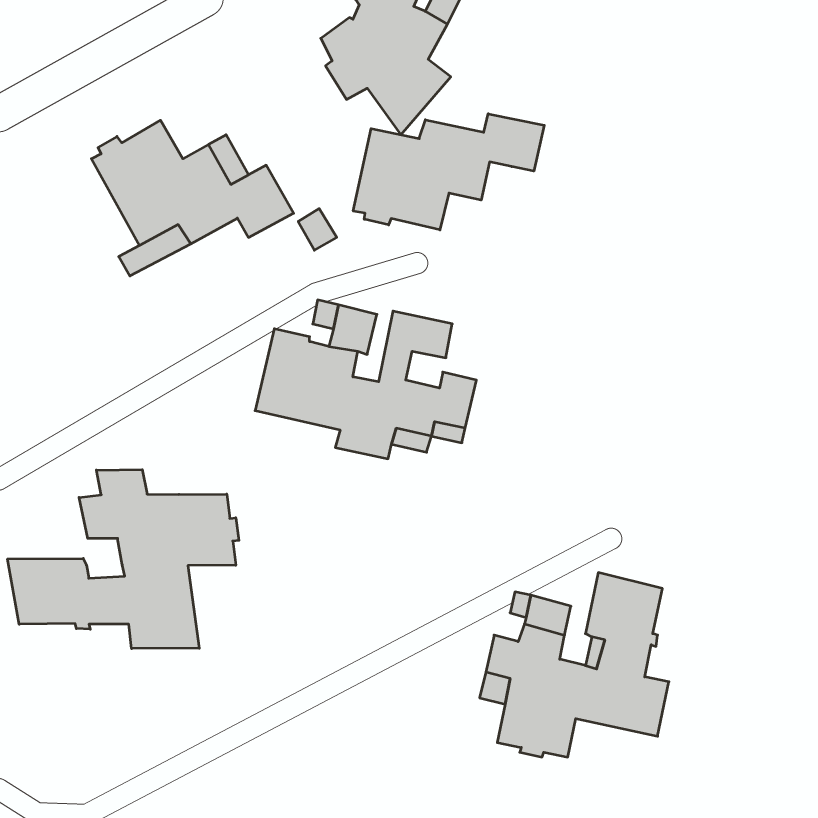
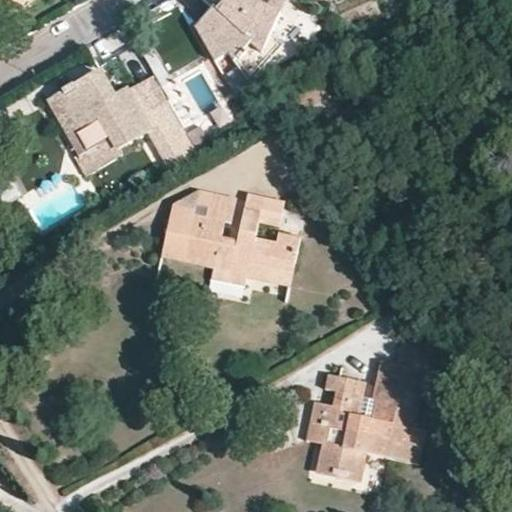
building: [353,114,544,230] -> none
building: [8,470,239,649] -> none

